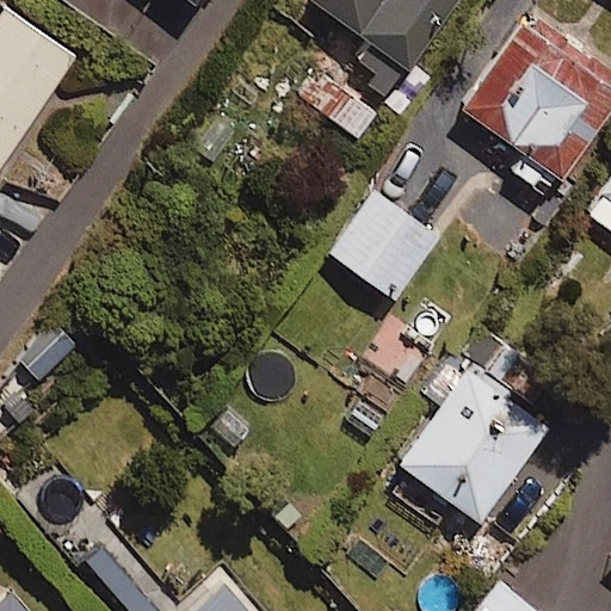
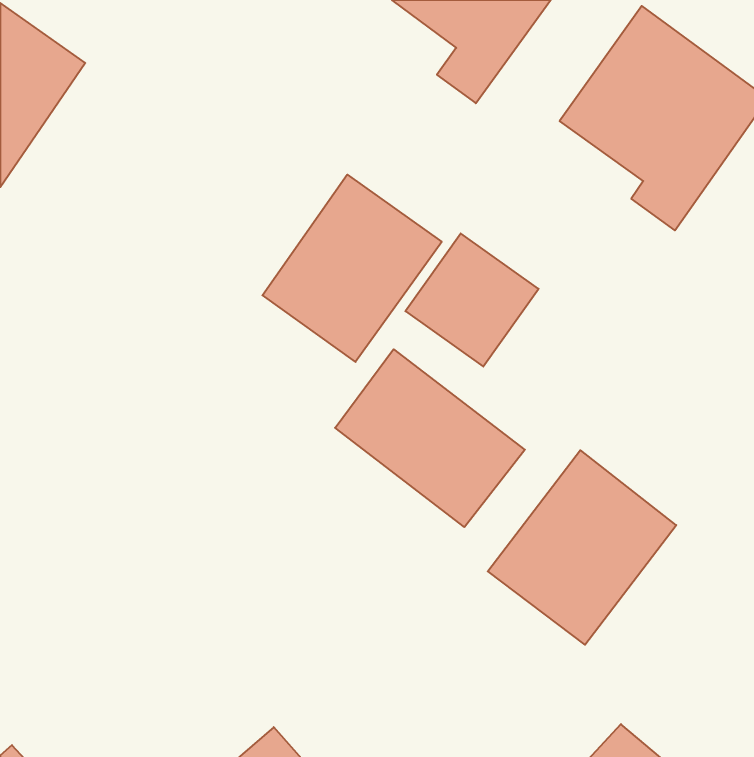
building: none -> [262,175,442,362]
building: none -> [335,349,525,527]

